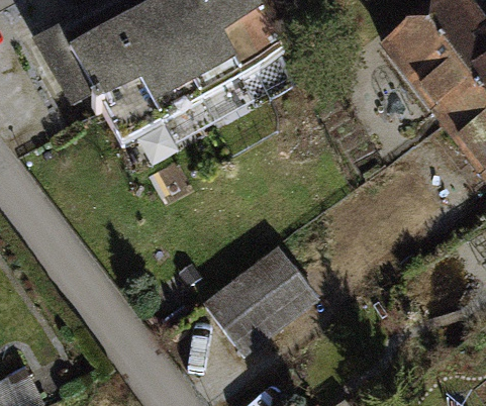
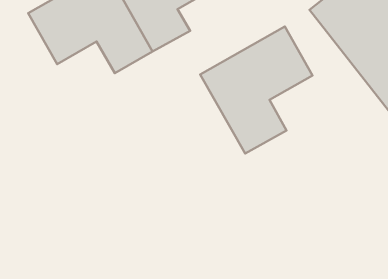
building: none -> [200,27,312,153]
building: [213,242,324,345] -> none

